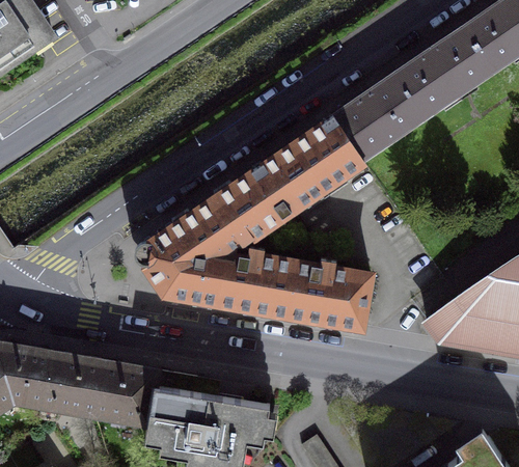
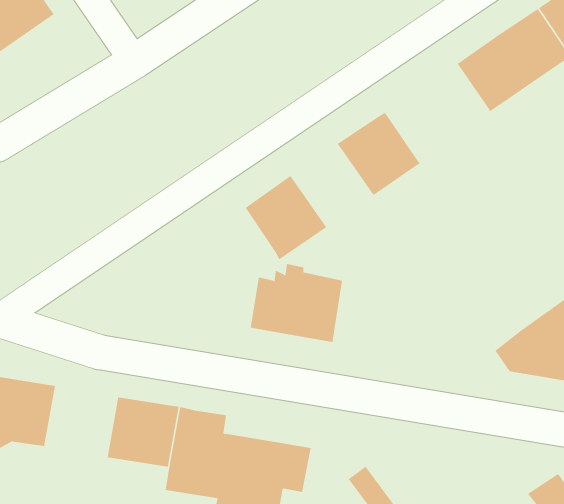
building: [333,78,421,159] -> none
building: [252,146,323,218] -> none
building: [135,201,240,304] -> none
building: [289,262,371,329] -> none
building: [38,354,104,422] -> none

